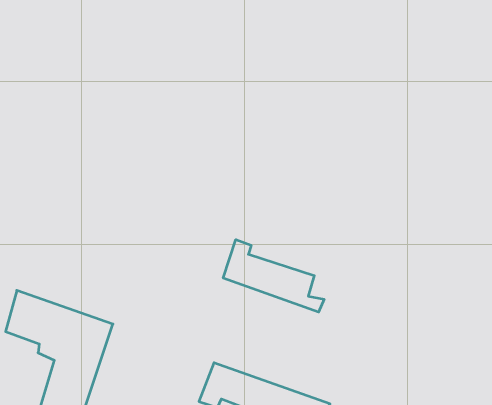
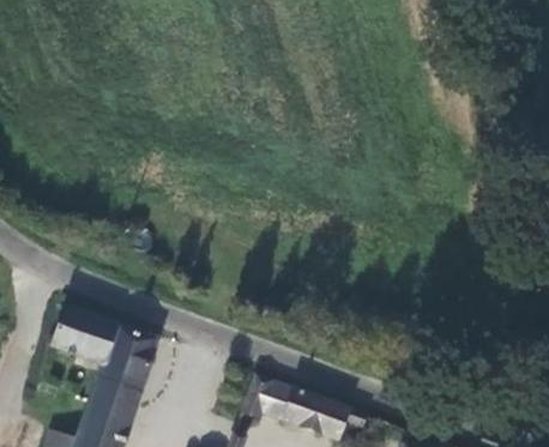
building: [223,240,324,312] -> none

